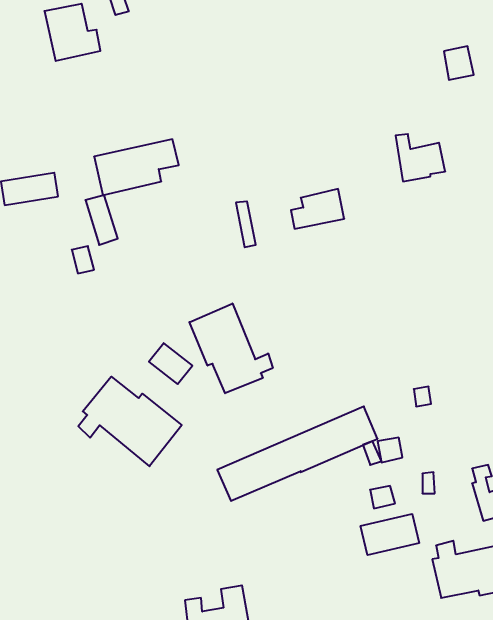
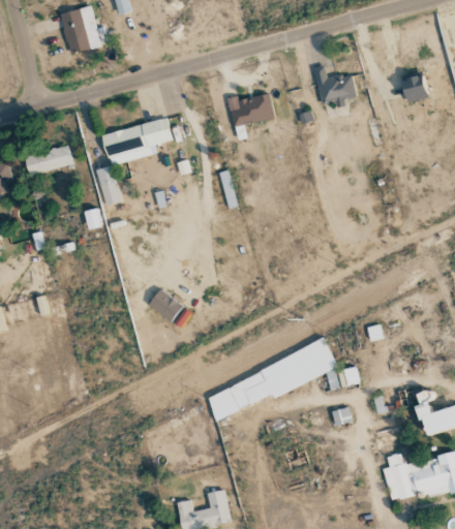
building: [444,46,474,80] -> [402,74,427,102]
building: [396,134,445,181] -> [315,66,357,105]
building: [291,189,344,229] -> [231,93,275,126]
building: [189,303,273,393] -> none
building: [78,377,182,466] -> none
building: [361,514,419,555] -> none

